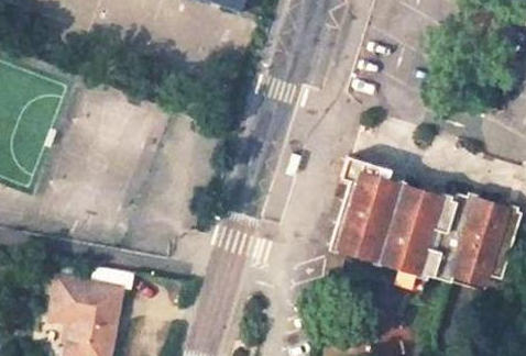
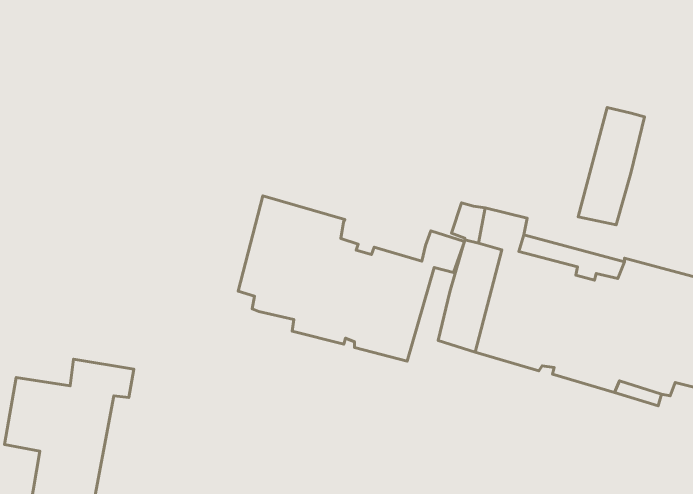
building: none -> [578,107,644,225]
building: none -> [238,196,465,361]

